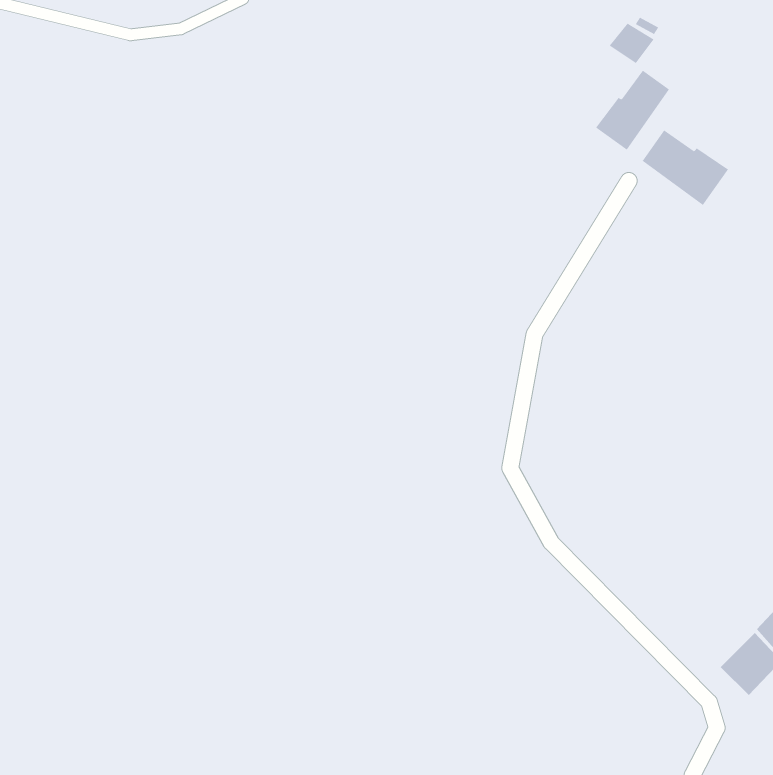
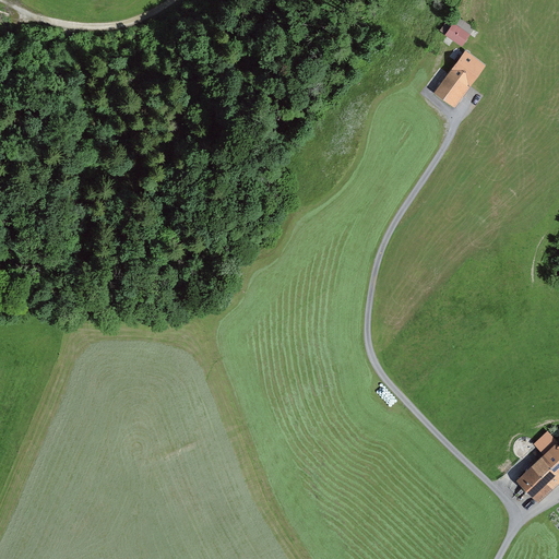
building: [642,130,729,206] -> none

